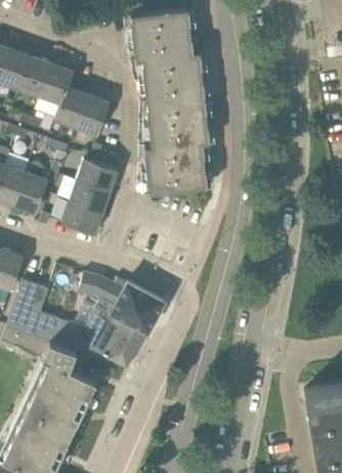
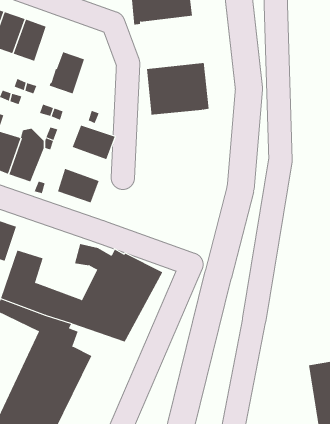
building: [142,51,204,103] -> none
building: [35,62,74,116] -> none
building: [77,93,110,134] -> none
building: [144,143,206,192] -> none
building: [69,179,110,211] -> none

